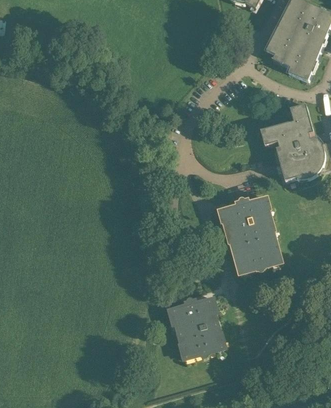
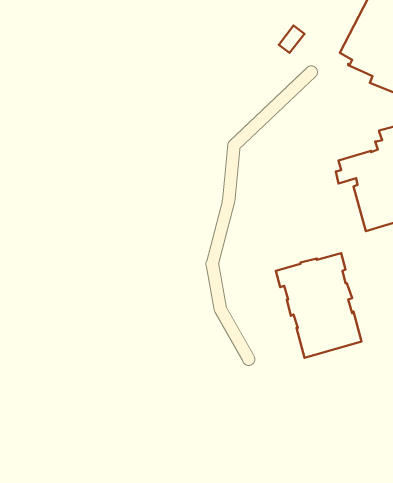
building: [168,297,225,358] -> none

